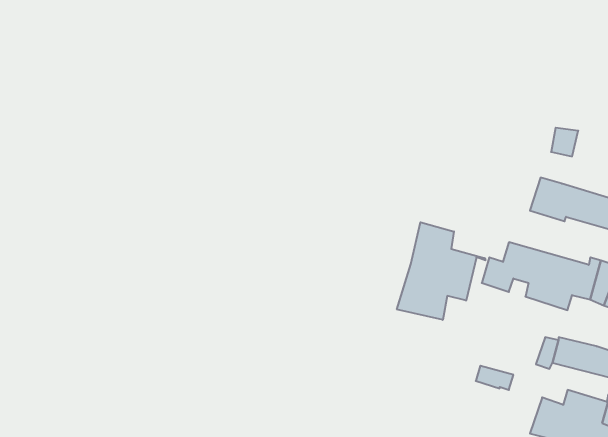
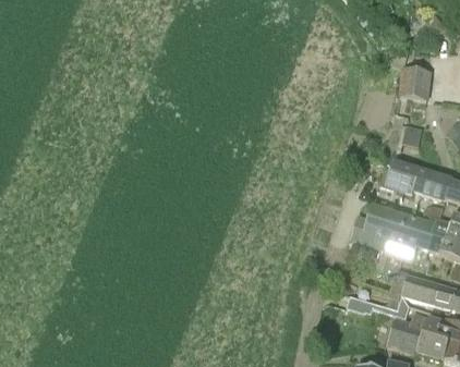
building: none -> [399,65,429,98]
building: [397,222,485,320] -> none

